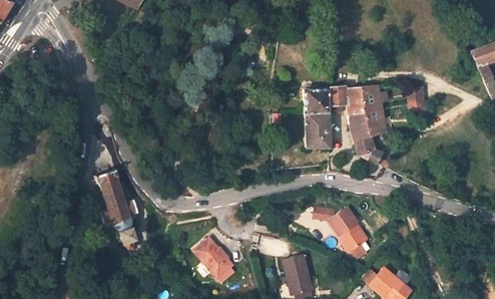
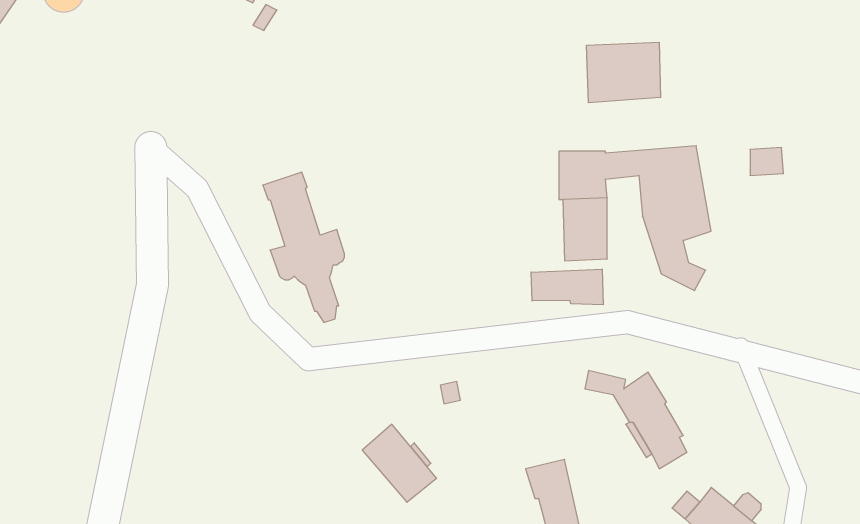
building: none -> [587,42,661,103]
building: none -> [531,269,603,305]
building: [94,170,138,251] -> [263,172,344,322]

